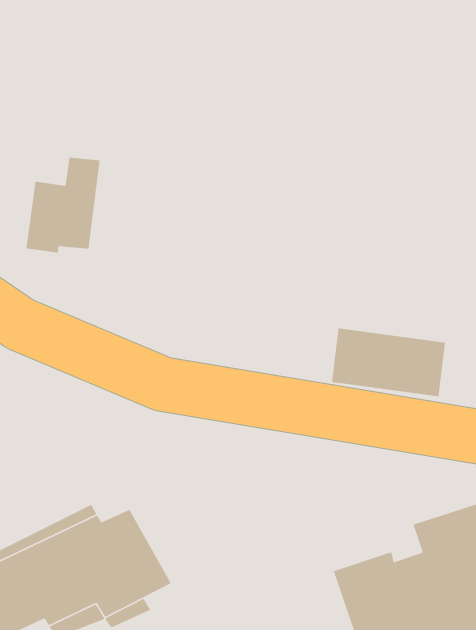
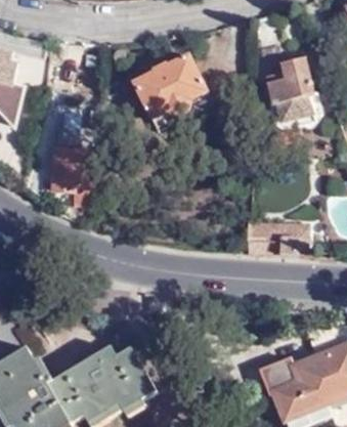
building: none -> [132,58,211,134]
building: none -> [259,51,313,111]

